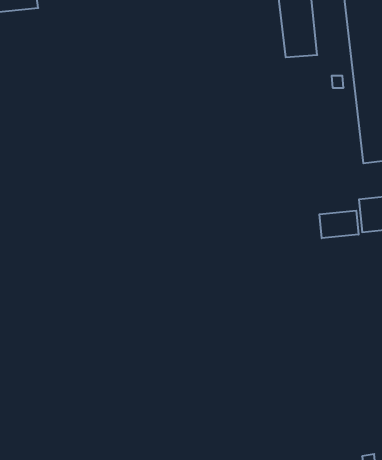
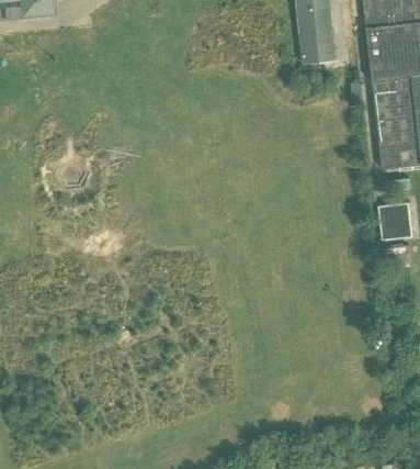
building: [319,211,359,238] -> none

